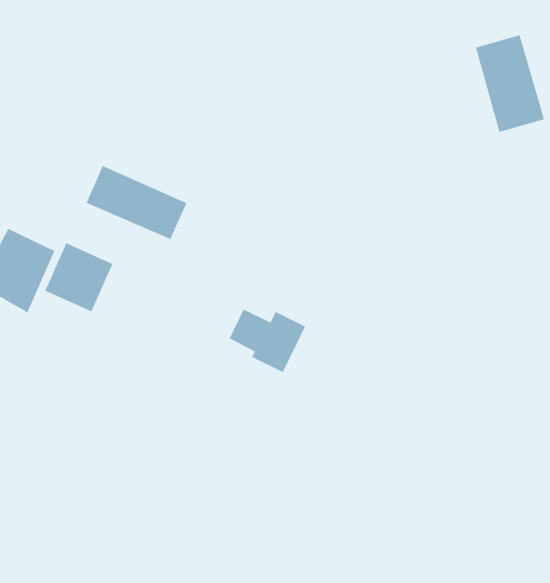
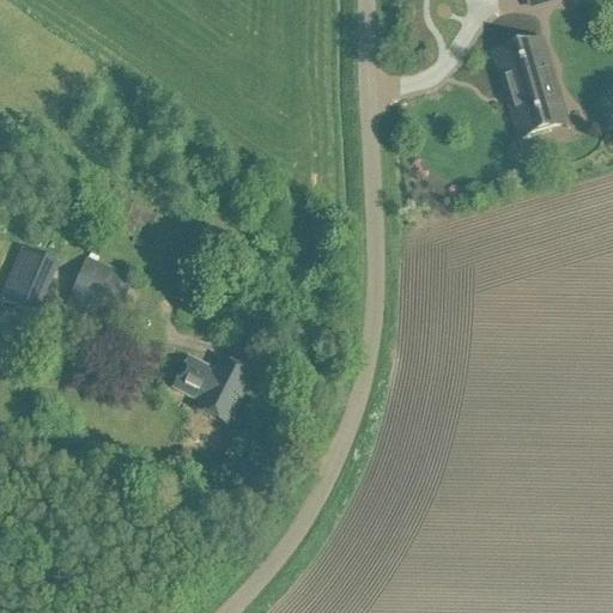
building: [86,165,187,240] -> none
building: [229,309,306,373] -> [171,351,249,415]

